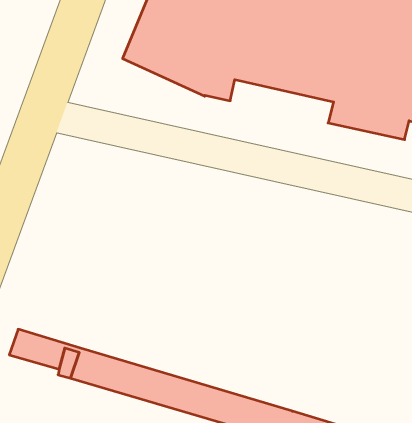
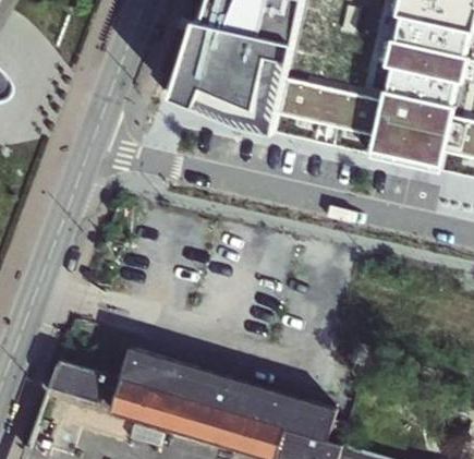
building: none -> [120,349,338,443]

